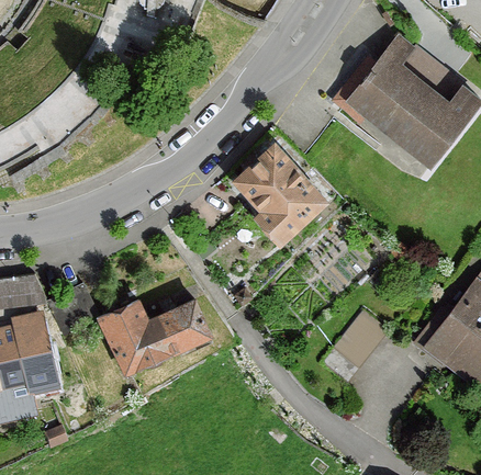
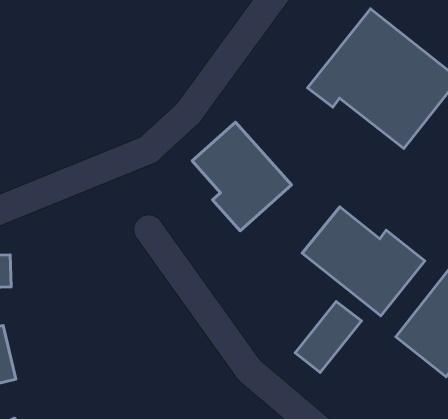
building: none -> [302,207,425,316]
building: [99,297,213,375] -> none

